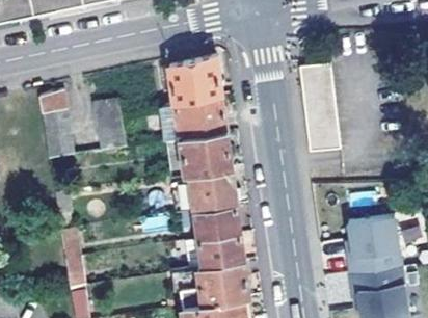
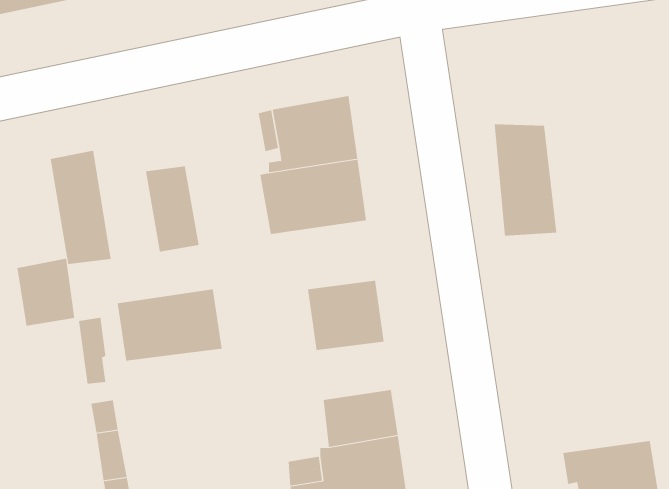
building: [169,136,232,179] -> [117,289,222,361]
building: none -> [17,258,75,326]
building: [196,208,241,242] -> none
building: [340,214,394,273] -> none

